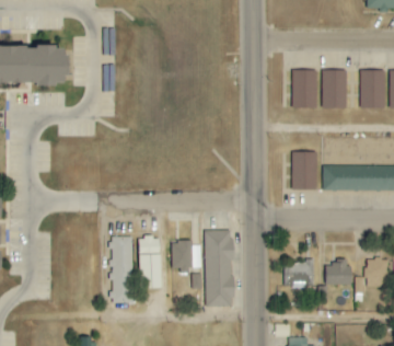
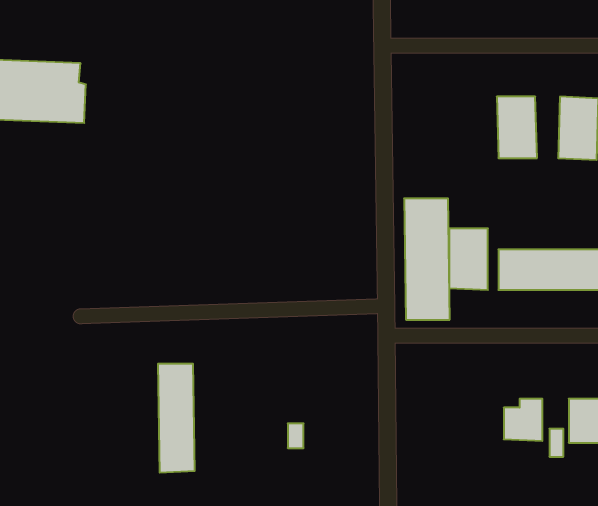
building: [293,69,317,107] -> none
building: [206,230,234,305] -> [404,198,450,320]
building: [139,235,162,288] -> none
building: [173,240,194,270] -> none
building: [286,262,315,287] -> none

